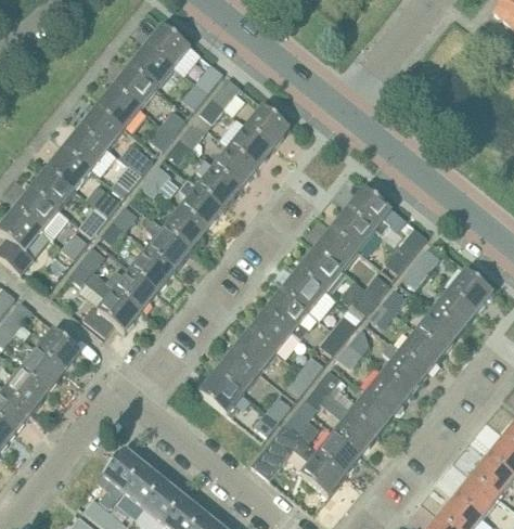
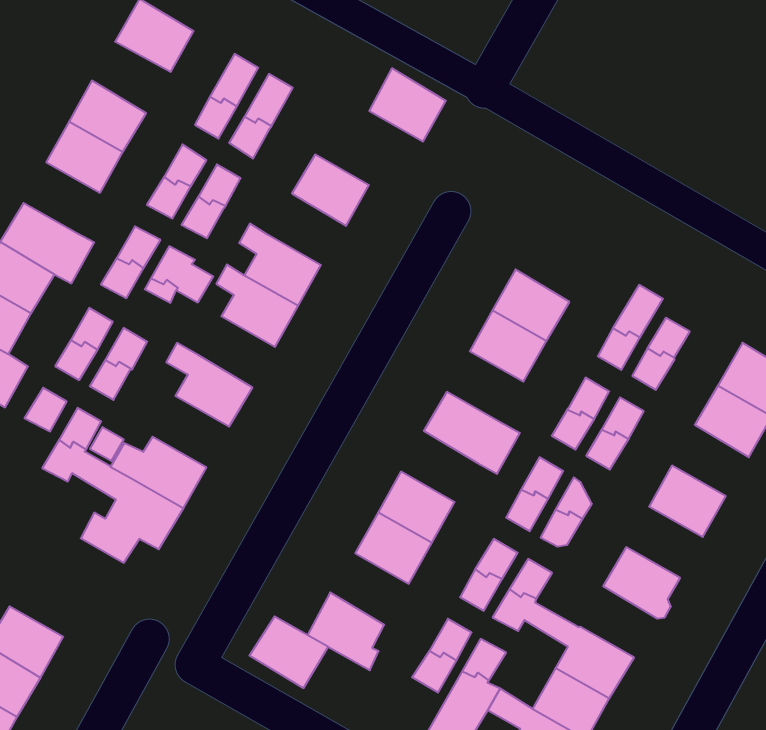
building: [128,47,172,89] -> none
building: [245,105,288,149] -> [369,68,446,142]
building: [79,107,123,150] -> none
building: [211,146,256,189] -> none
building: [346,188,390,236] -> none
building: [163,208,206,250] -> none
building: [130,248,174,291] -> none
building: [297,249,340,292] -> none
building: [265,289,308,338] -> none
building: [415,310,459,352] -> none
building: [36,330,80,372] -> none
building: [381,343,426,393] -> none
building: [215,351,259,393] -> [249,616,328,688]
building: [350,391,394,434] -> none

